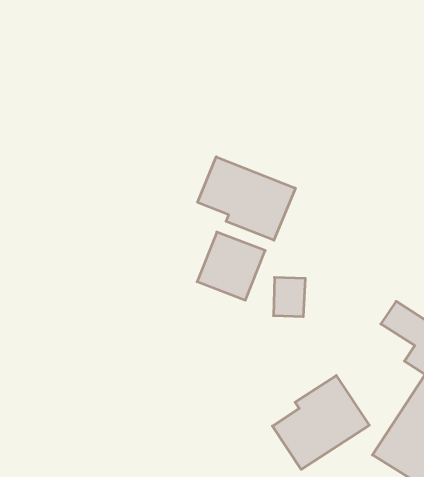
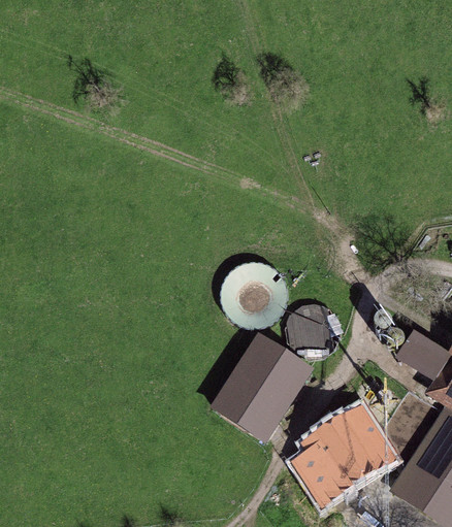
building: [198,157,295,240] -> none
building: none -> [217,337,308,434]

